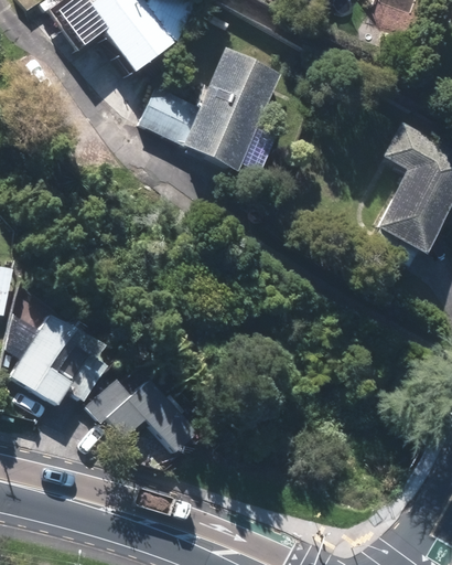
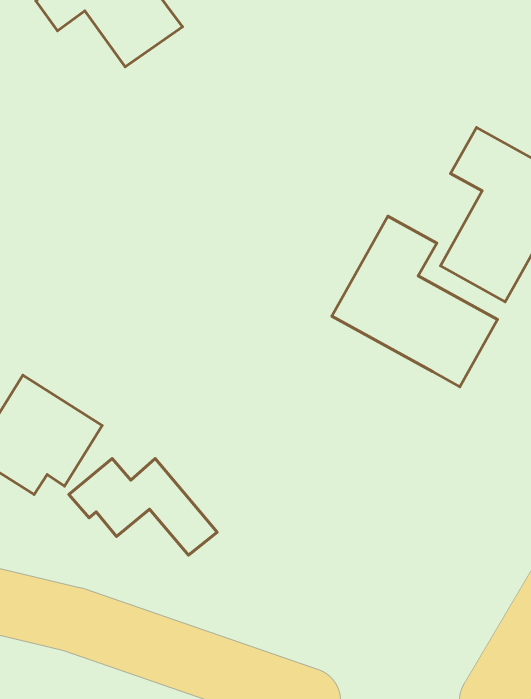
building: [136,50,277,174] -> none
building: none -> [332,216,497,387]

